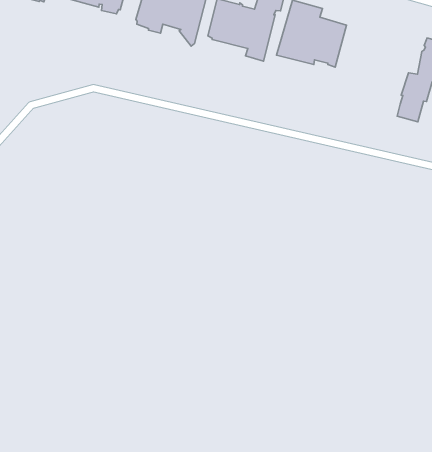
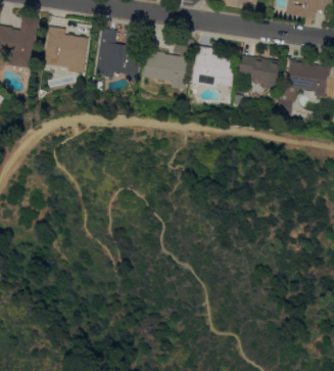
building: none -> [239,54,280,89]

